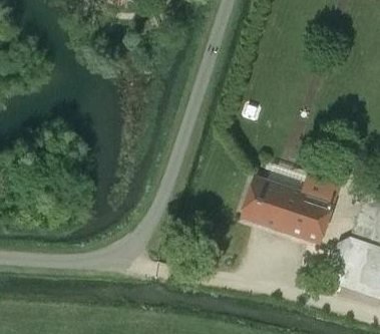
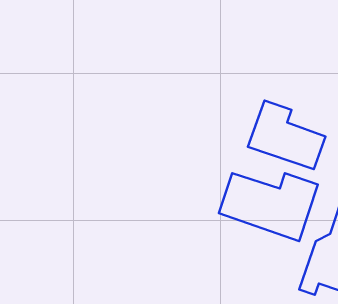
building: none -> [248,101,326,169]

